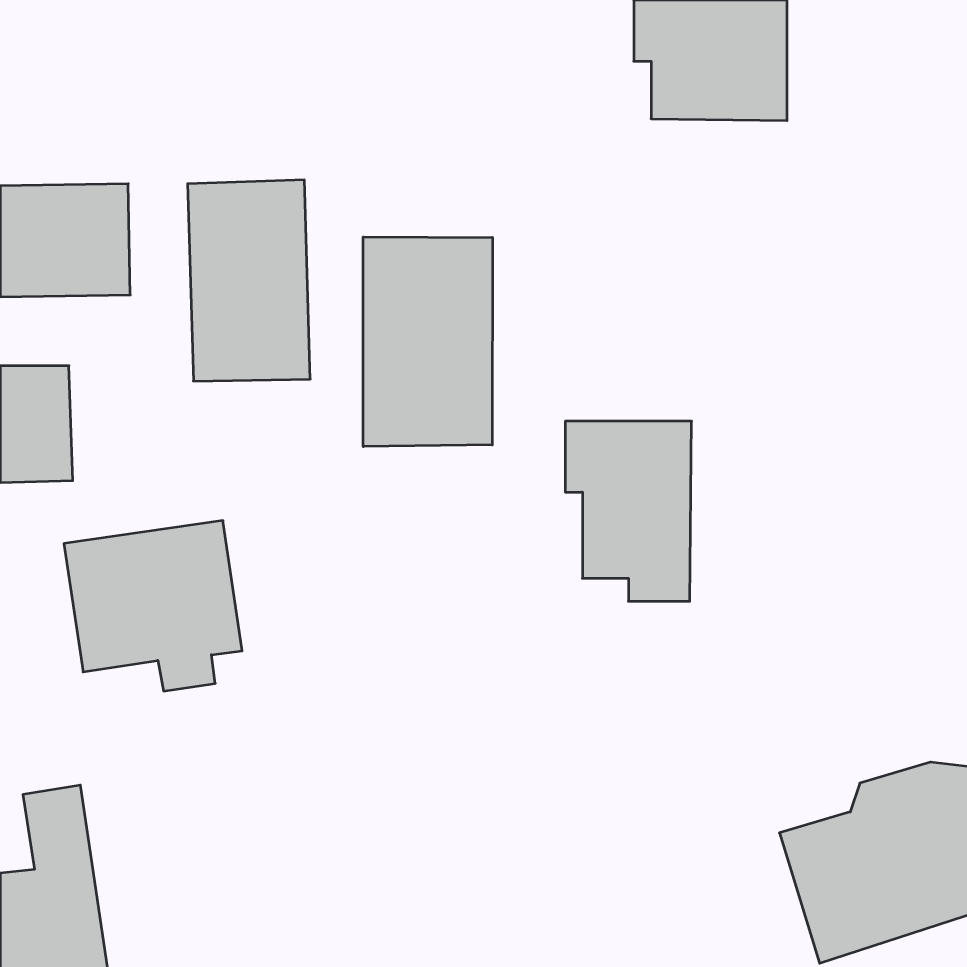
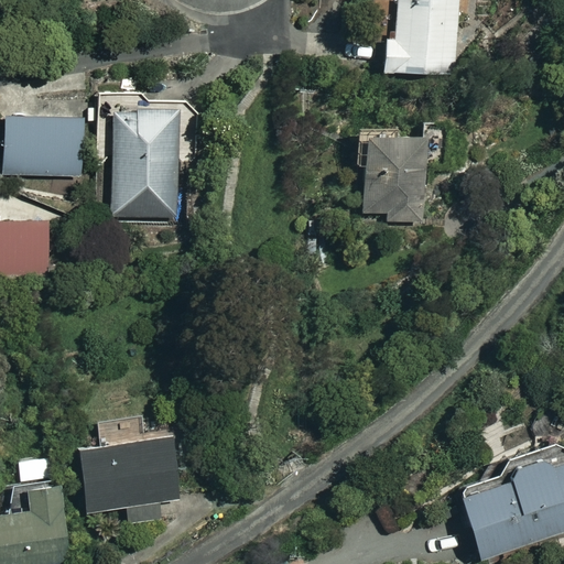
building: [363,237,492,447] -> none
building: [565,421,692,601] -> [354,121,426,225]
building: [64,521,242,691] -> [74,425,176,523]

